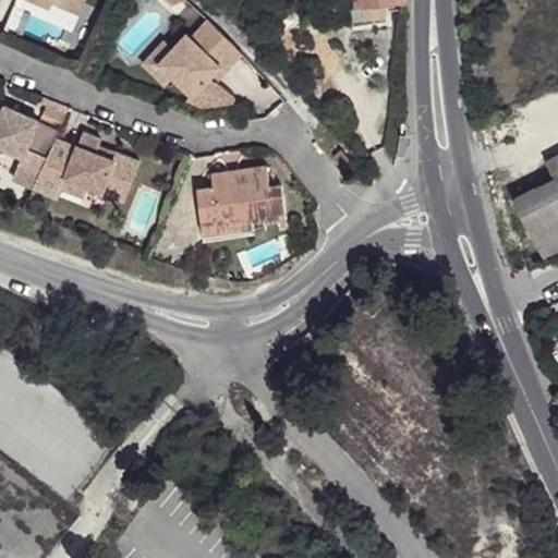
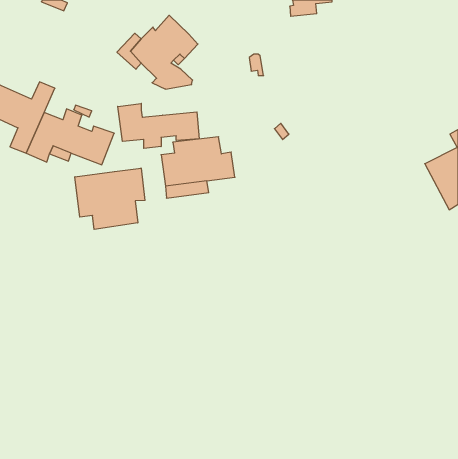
building: none -> [118,103,199,148]
building: none -> [75,168,145,229]

